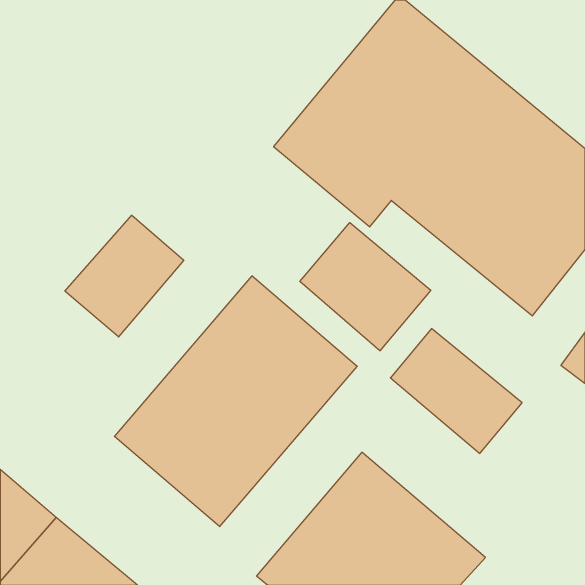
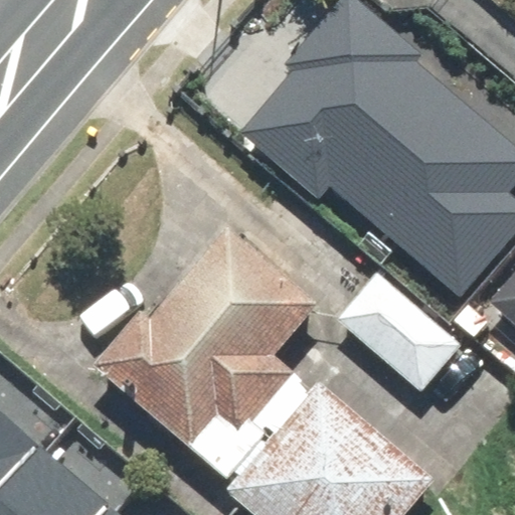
building: [65,215,184,337] -> none
building: [300,223,431,351] -> none

